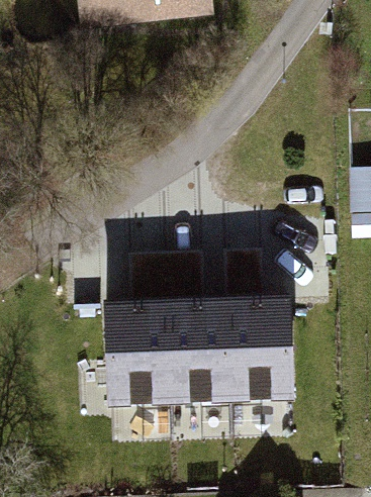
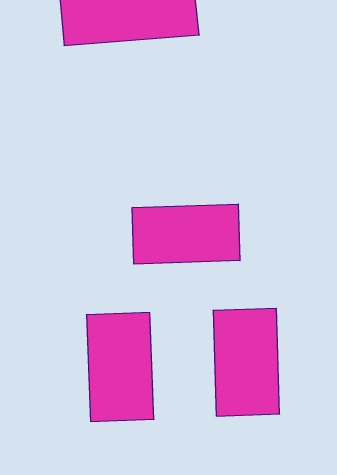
building: none -> [132,204,240,264]
building: [167,298,230,402] -> none

